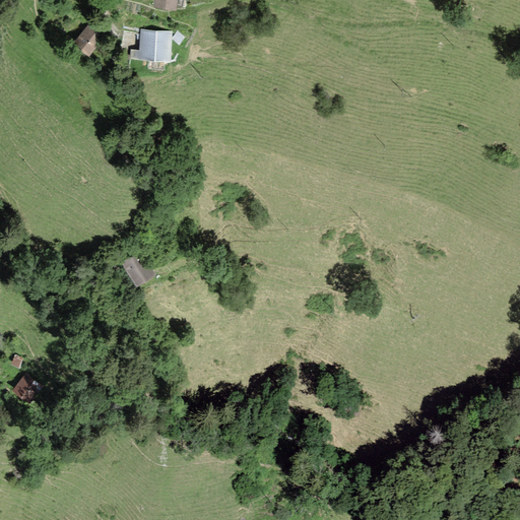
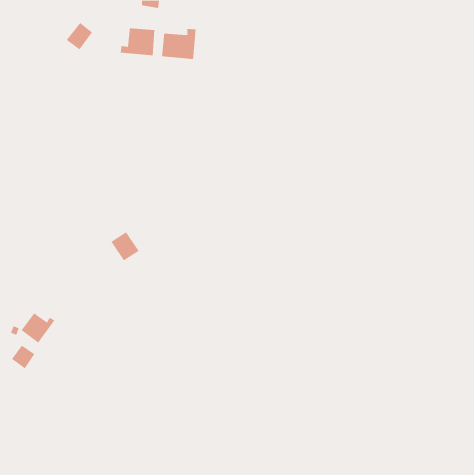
building: none -> [161,28,196,60]
building: none -> [21,313,55,344]

